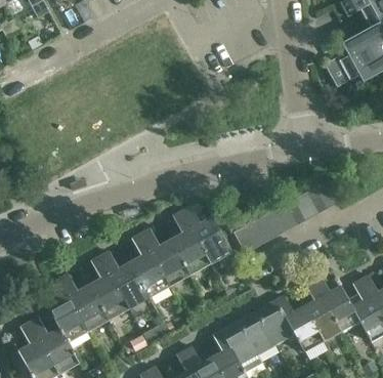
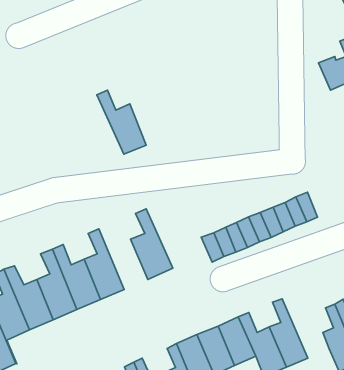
building: [181,205,230,261] -> [97,90,146,154]
building: [140,227,189,285] -> none
building: [312,274,359,330] -> none

